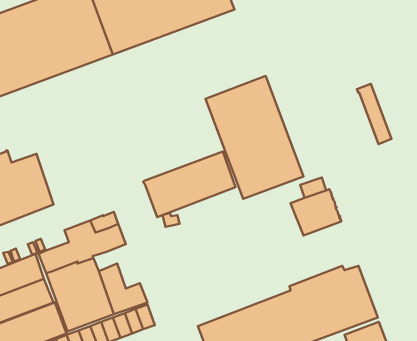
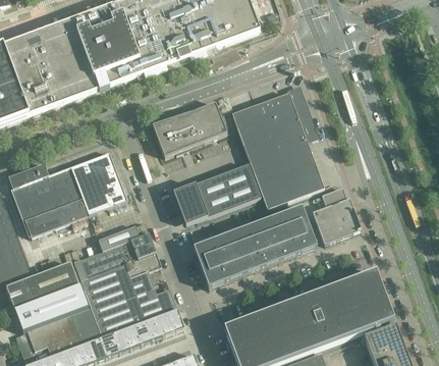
building: [357,84,391,144] -> [286,85,319,142]
building: none -> [152,103,226,156]
building: none -> [71,152,126,214]
building: none -> [194,207,316,287]
building: none -> [124,252,161,277]

